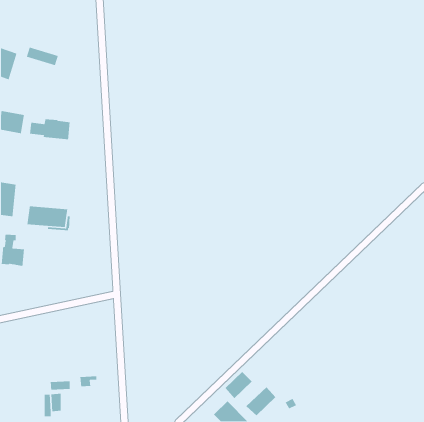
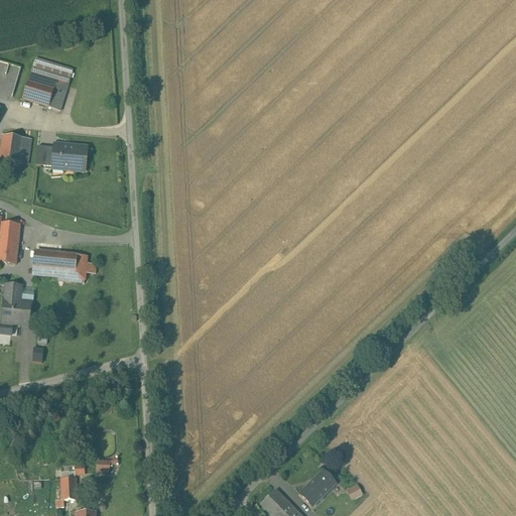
building: none -> [22,70,69,109]
building: [224,371,252,399] -> none

